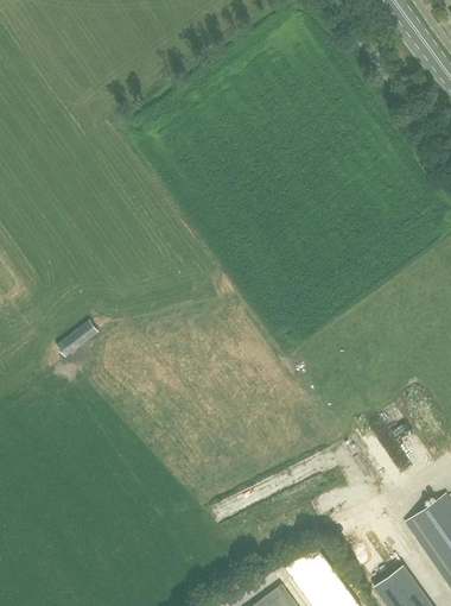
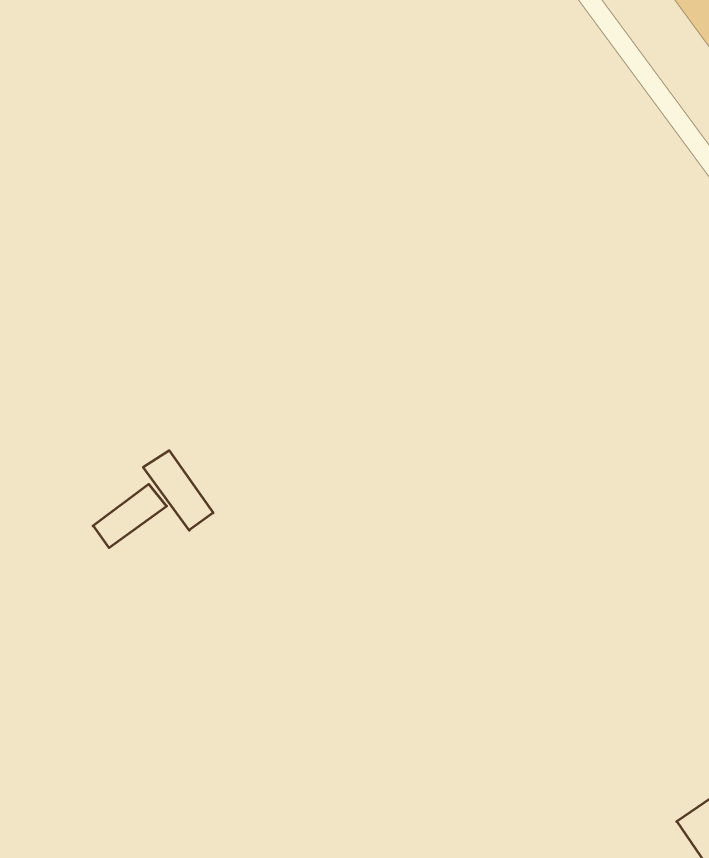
building: none -> [143,451,213,530]

